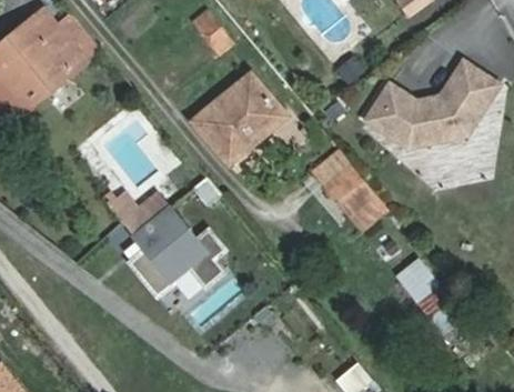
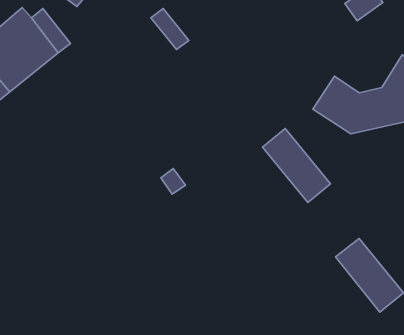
building: [190,71,280,157] -> none
building: [107,190,221,294] -> none

